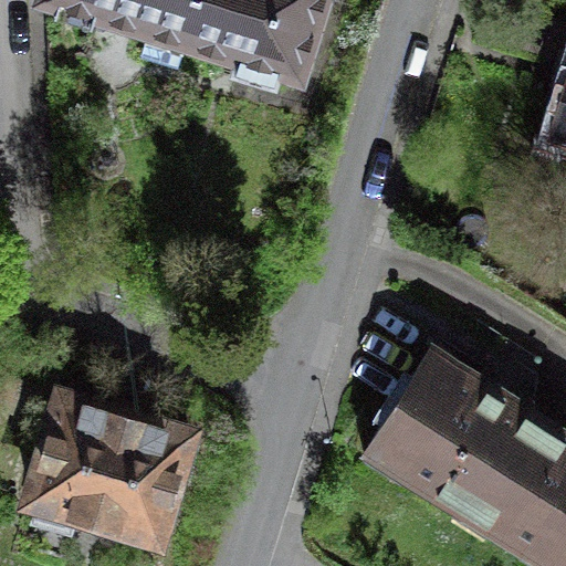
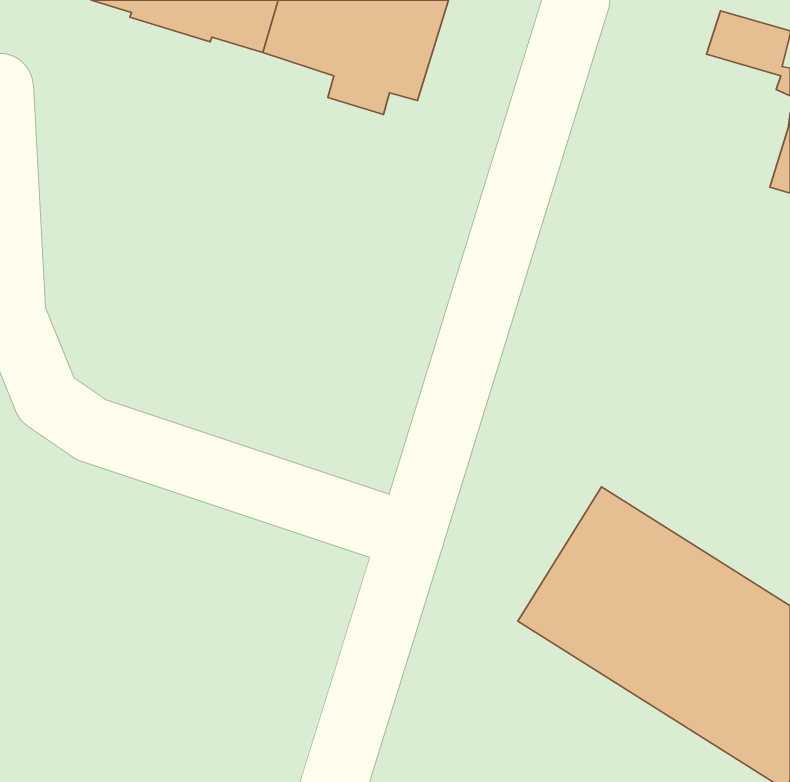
building: [30,396,189,541] -> none

